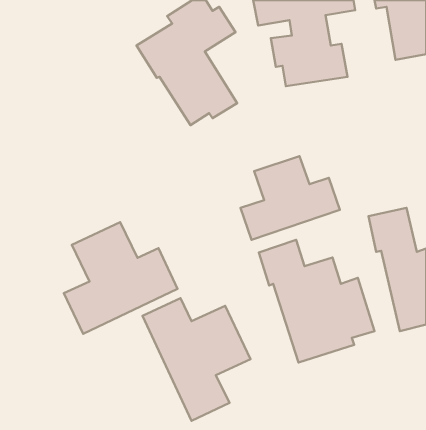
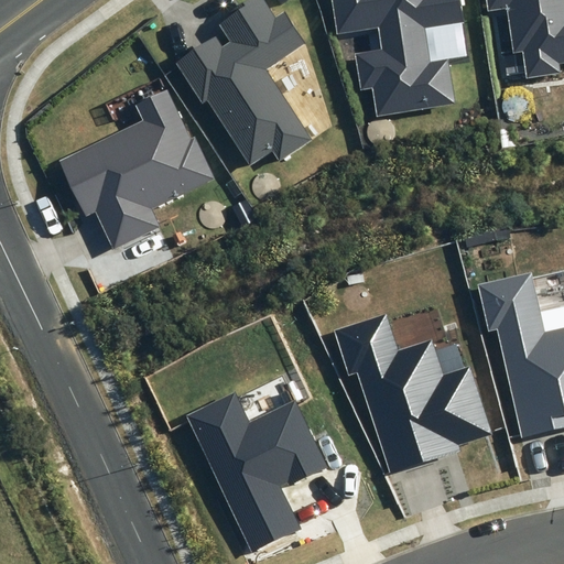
building: none -> [59,88,216,248]
building: [240,156,340,240] -> none
building: [64,222,178,334] -> none

